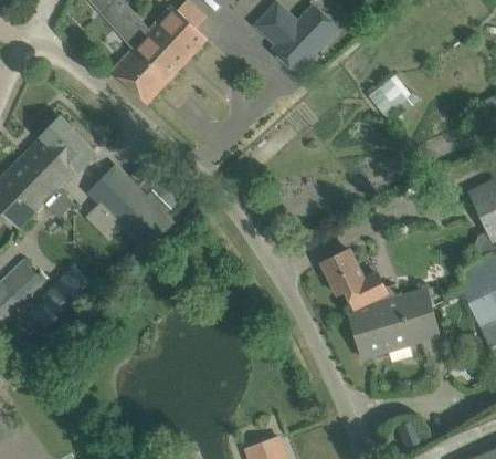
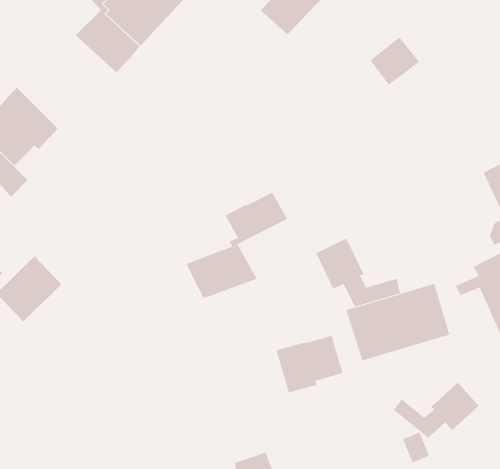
building: [87,165,171,247] -> none
building: none -> [186,192,288,299]
building: none -> [276,335,343,393]
building: none -> [393,382,479,438]

